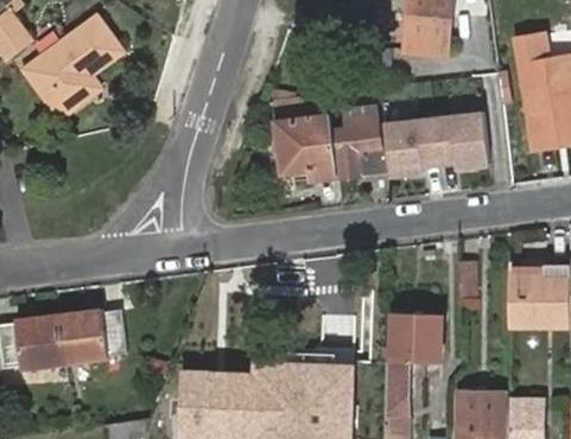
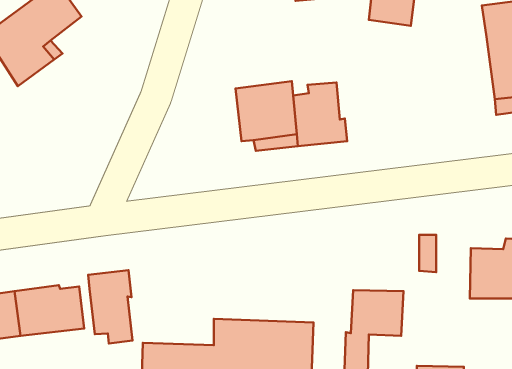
building: [381,113,488,180] -> none
building: none -> [88,270,132,344]

